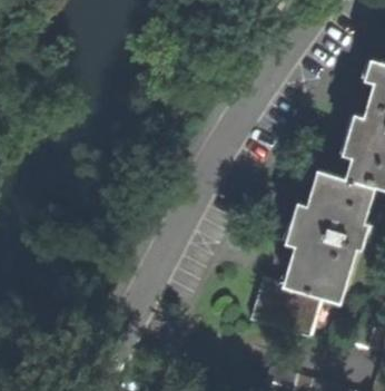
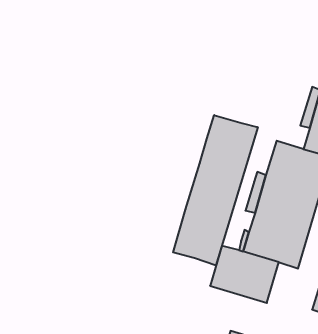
building: none -> [173,115,258,266]

